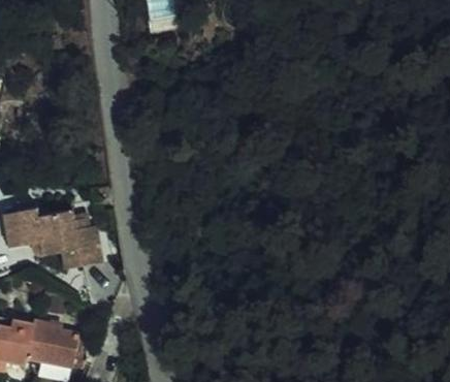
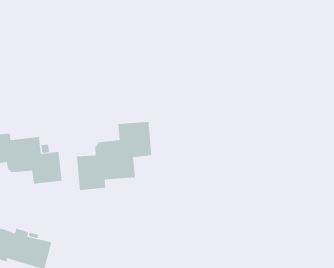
building: none -> [76,121,152,191]

